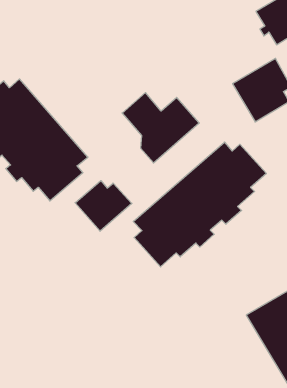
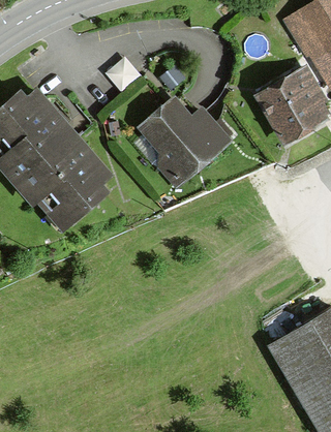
building: [133,142,266,267] -> none
building: [75,181,132,231] -> none

